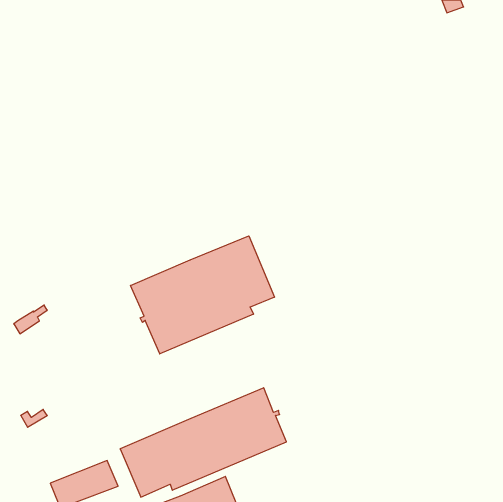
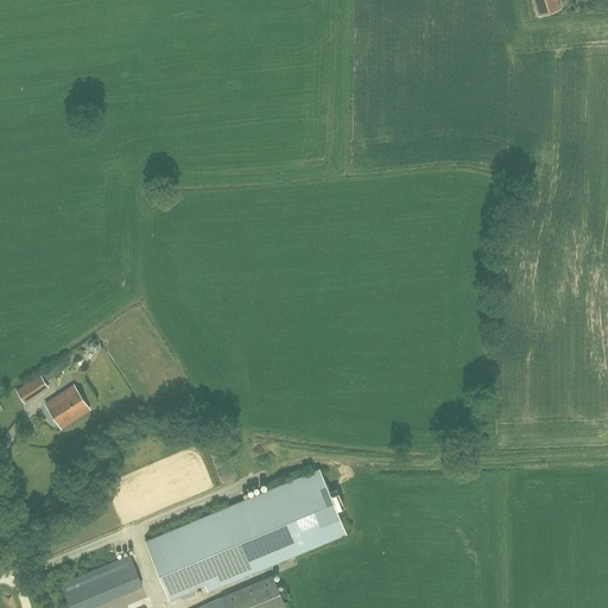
building: [131,236,274,354] -> none
building: none -> [45,387,89,430]

